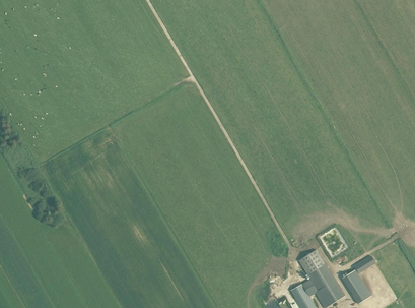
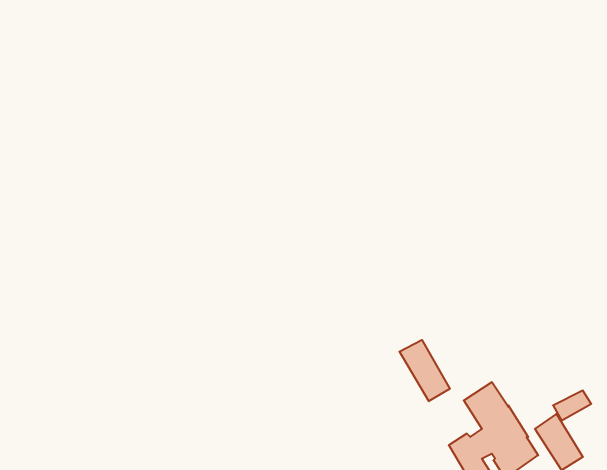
building: none -> [399,340,450,401]

